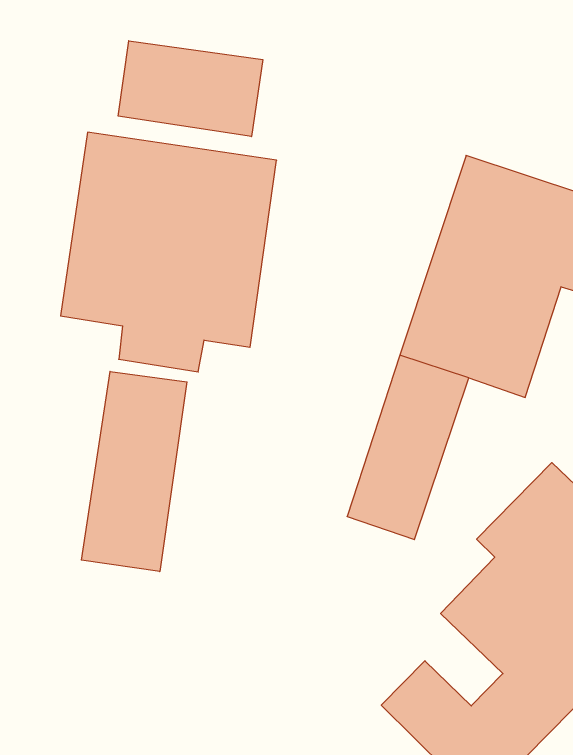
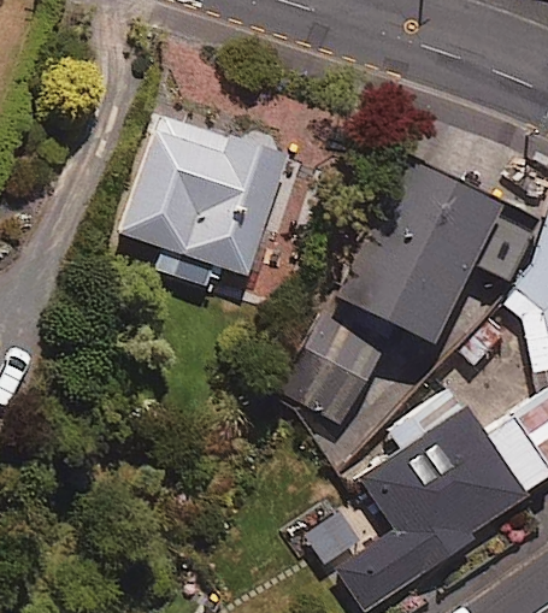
building: [118,41,263,137] -> none
building: [81,371,187,572] -> none

